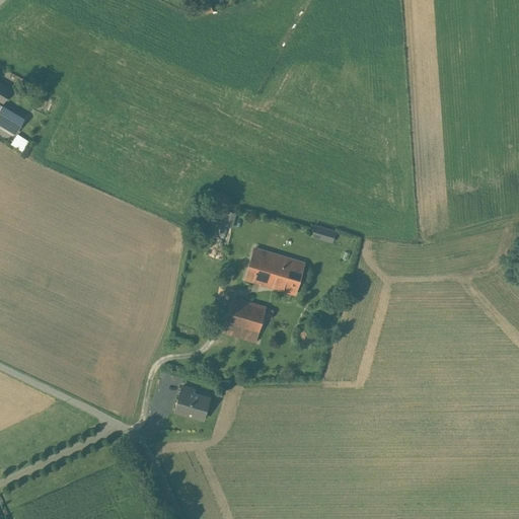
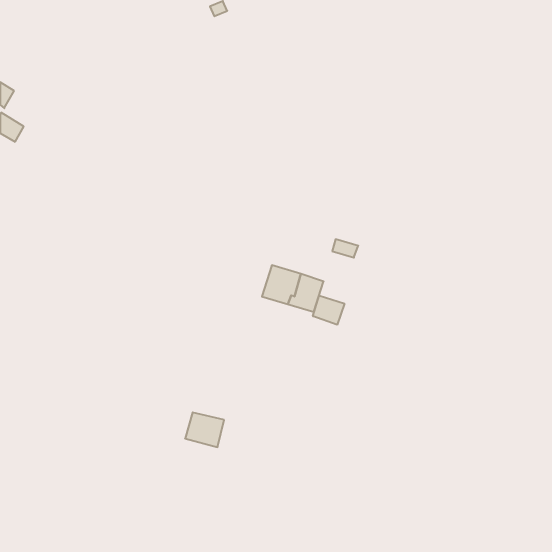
building: none -> [313,295,344,325]
building: [223,298,266,341] -> none

